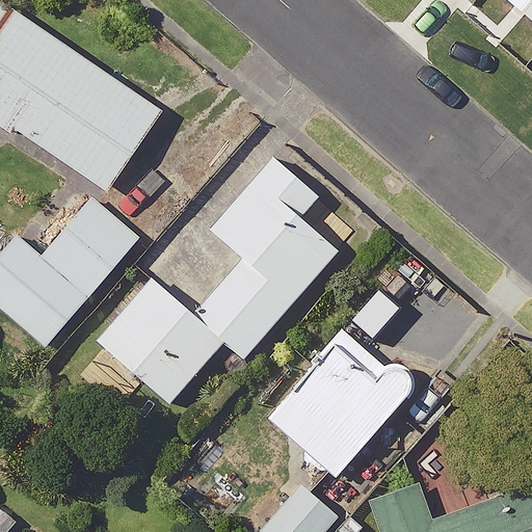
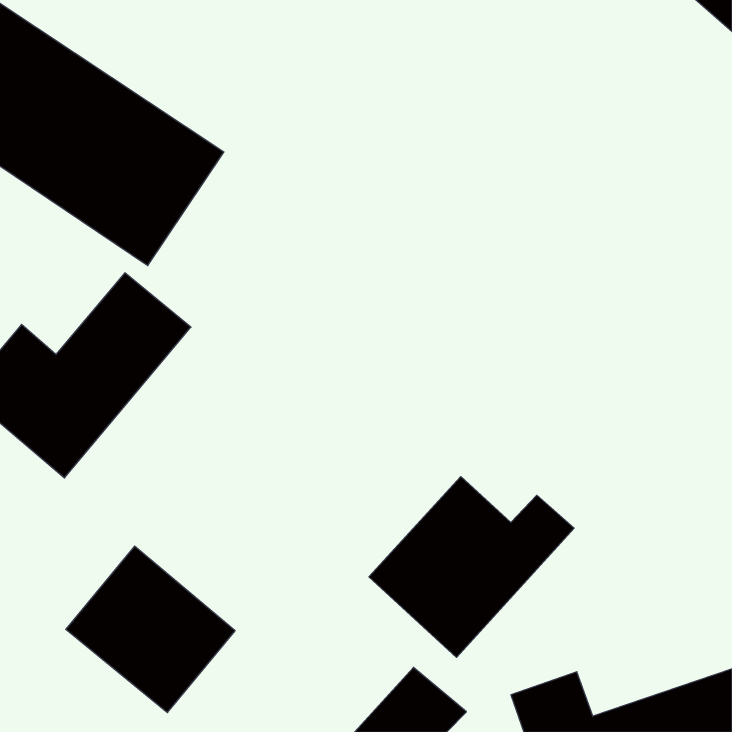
building: [164,158,357,358] -> none
building: [95,283,217,403] -> [66,546,235,713]

